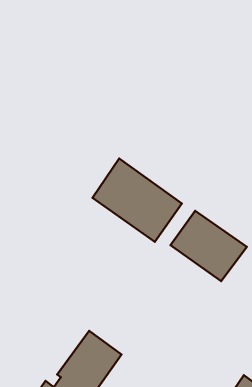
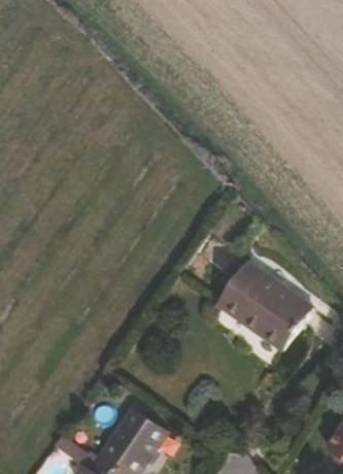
building: [92,159,182,242] -> none

